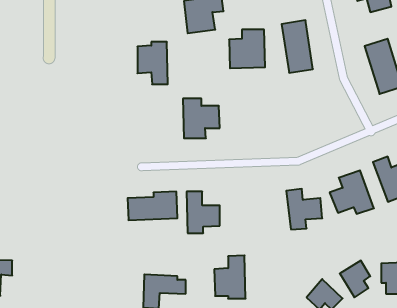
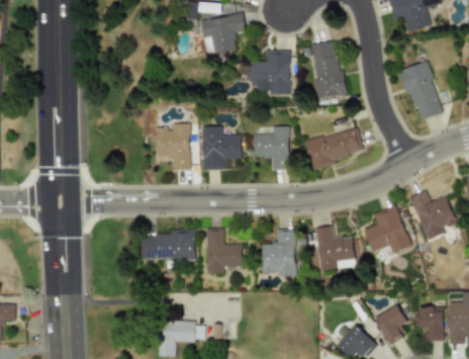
building: [137,42,168,84] -> [157,123,190,170]
building: none -> [254,125,288,169]
building: none -> [304,127,363,170]
building: [214,255,246,299] -> [261,229,295,276]

